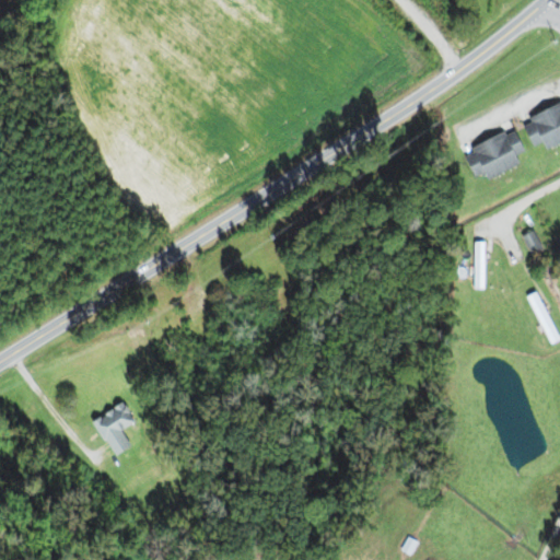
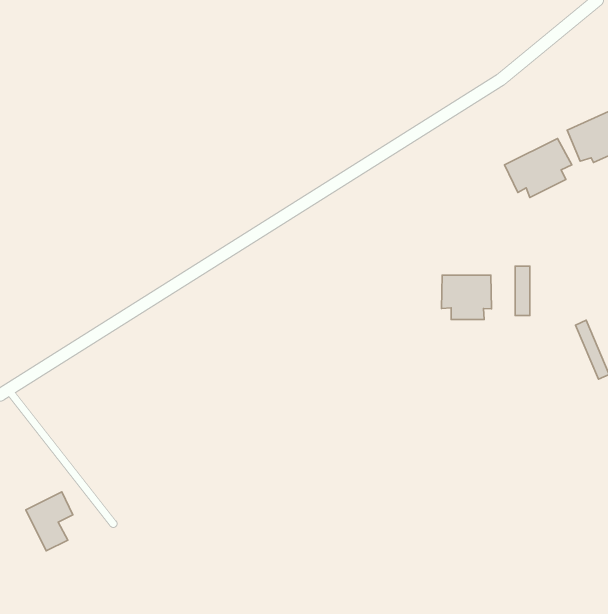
building: none -> [441,275,491,320]
building: [92,402,135,456] -> [26,492,73,551]

